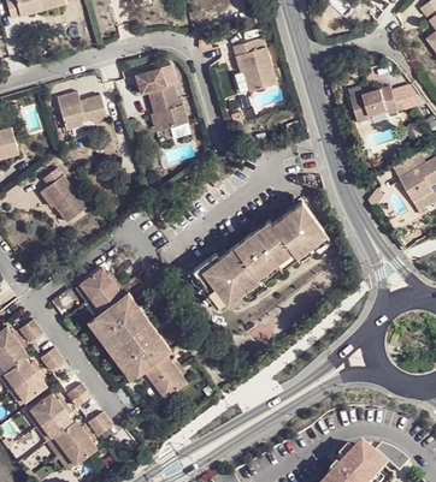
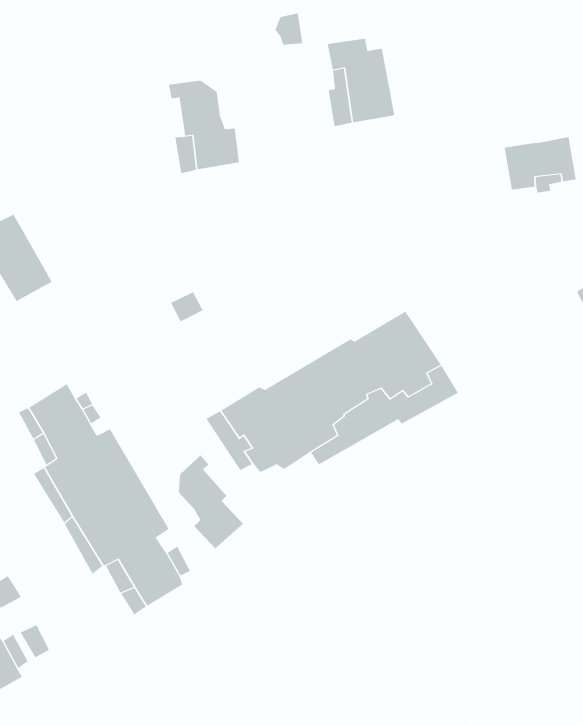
building: [53,89,105,129] -> none
building: none -> [179,455,244,549]

